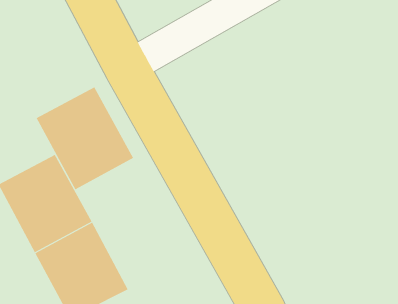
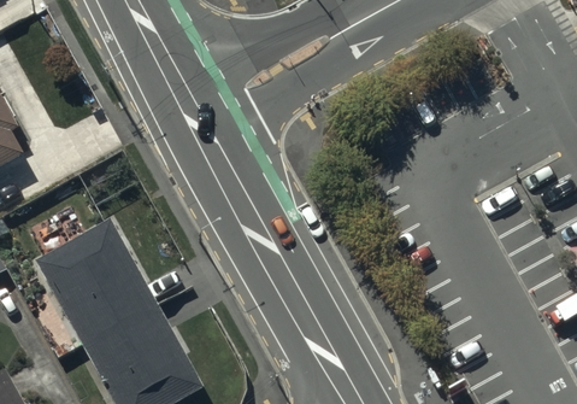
building: [36,87,134,190] -> none

